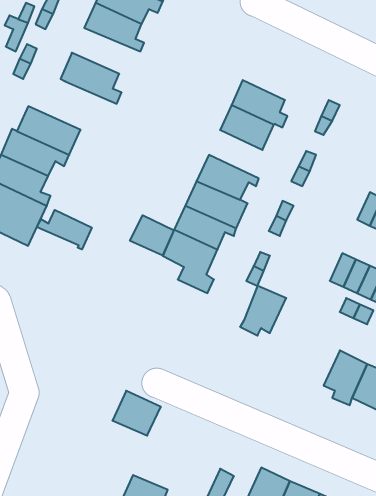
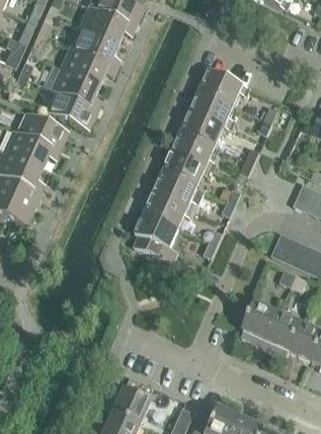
building: none -> [61,49,116,86]
building: none -> [199,69,252,107]
building: none -> [47,92,97,131]
building: none -> [172,132,217,171]
building: [37,210,92,249] -> none
building: [130,215,174,256] -> none
building: [240,286,286,336] -> [241,300,278,341]
building: [112,391,161,436] -> [110,387,150,424]

